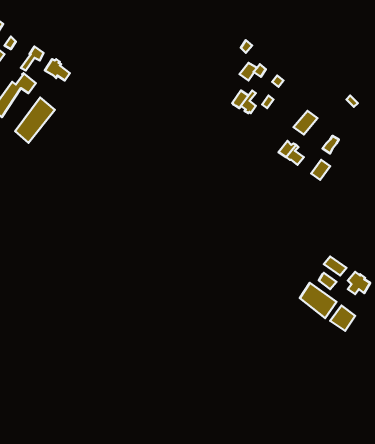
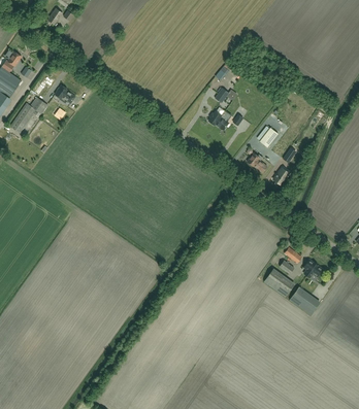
building: [15,97,55,143] -> none

